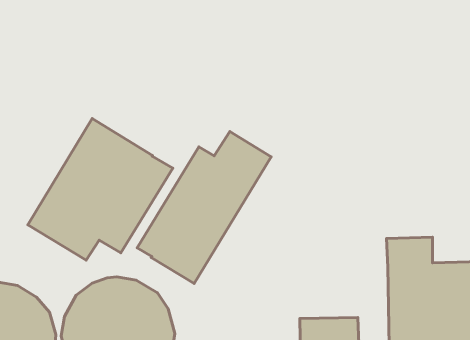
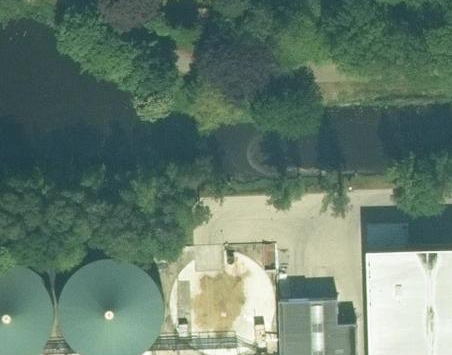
building: [28,119,173,260] -> none
building: [137,131,271,284] -> none

